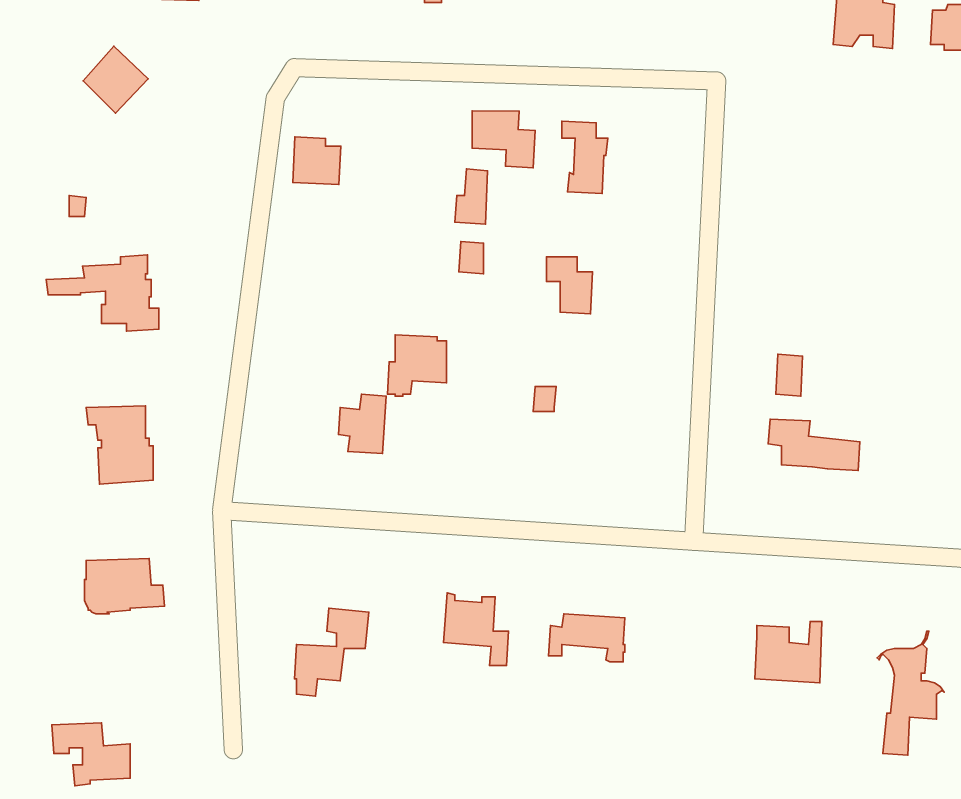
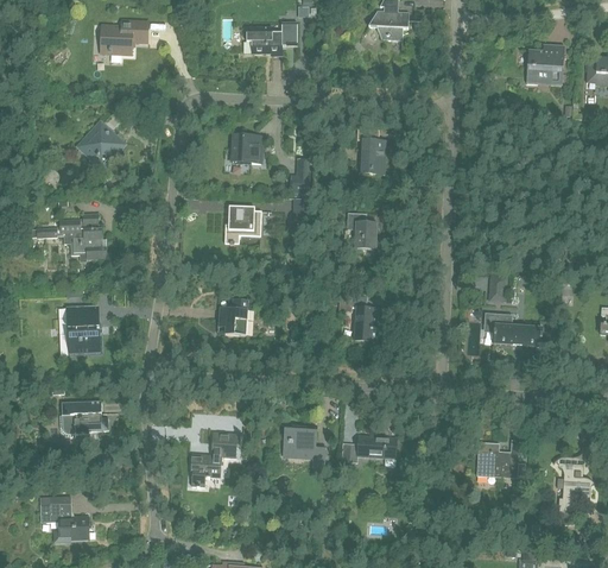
building: [83,46,148,113] -> [81,124,121,165]
building: [472,111,535,168] -> none
building: [293,137,341,184] -> [232,133,261,163]
building: [387,335,447,396] -> [223,207,260,245]
building: none -> [354,307,378,341]

